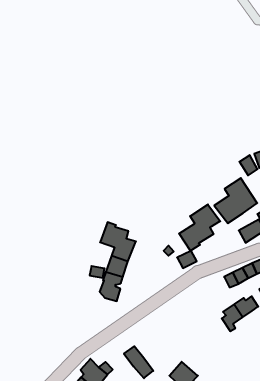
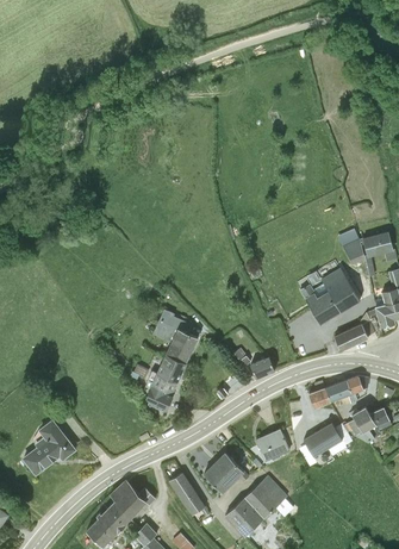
building: [179,204,220,251] -> none
building: none -> [256,428,291,461]
building: none -> [21,418,76,475]
building: none -> [202,451,248,493]
building: none -> [243,476,287,519]

